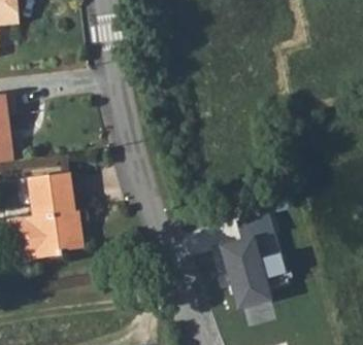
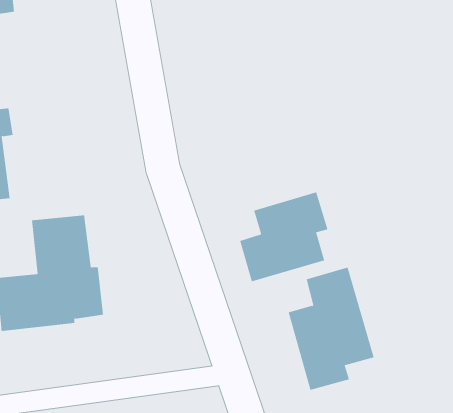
building: none -> [240,191,328,282]

